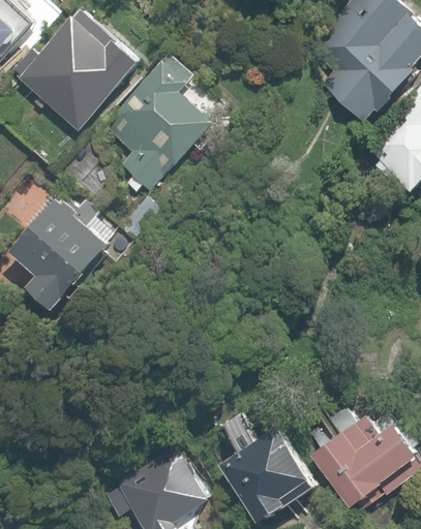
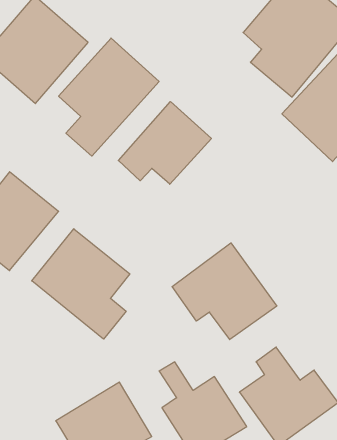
building: none -> [118,102,211,184]
building: none -> [32,229,130,339]
building: none -> [172,243,277,340]

